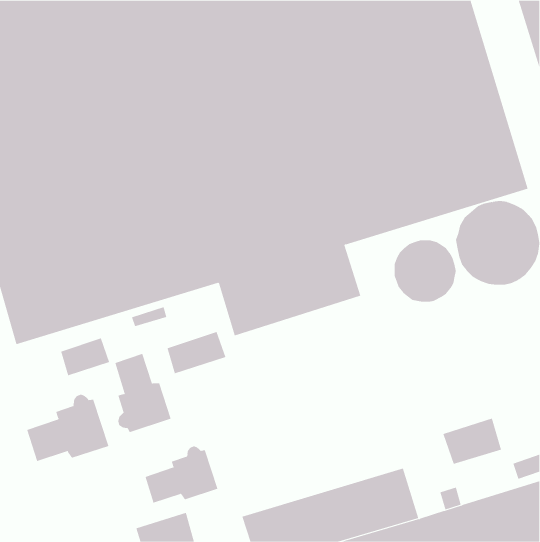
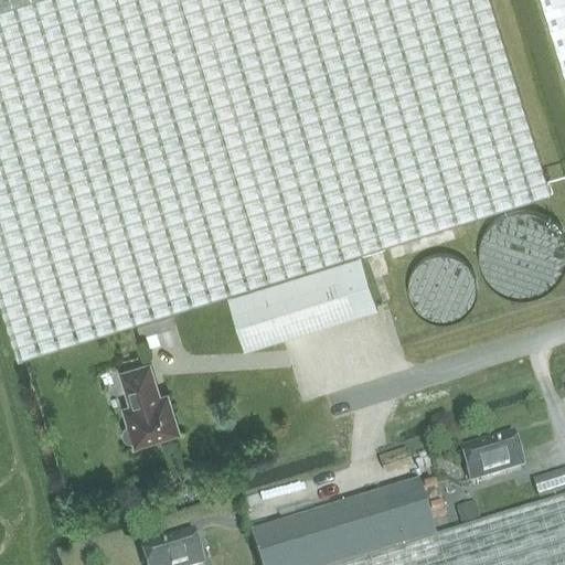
building: [167,331,226,374] -> none
building: [60,337,110,376] -> none
building: [26,394,109,462] -> none
building: [145,446,218,503] -> none

